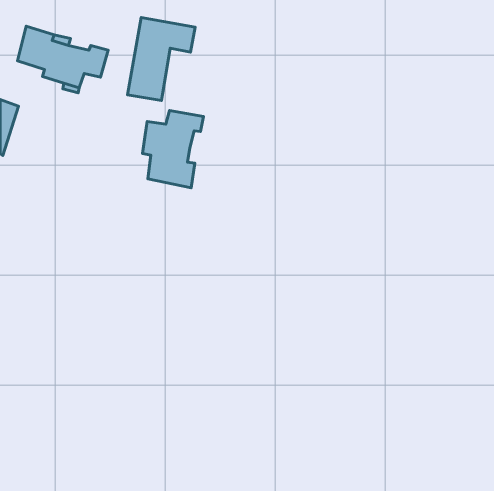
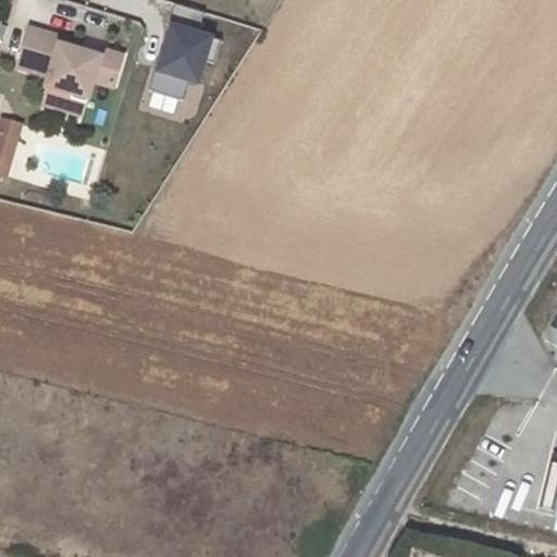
building: [142,110,204,188] -> none

